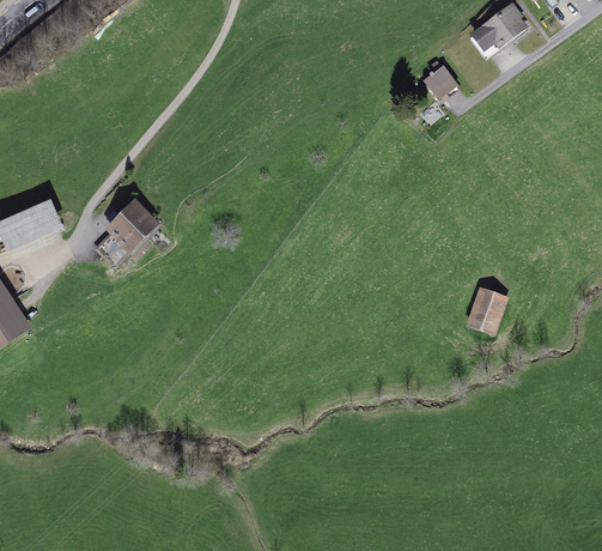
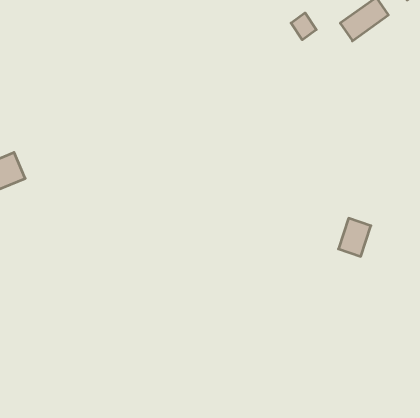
building: [424,62,456,97] -> [291,13,316,40]
building: [108,199,158,250] -> none

